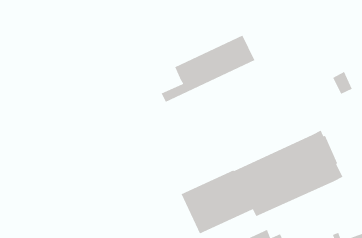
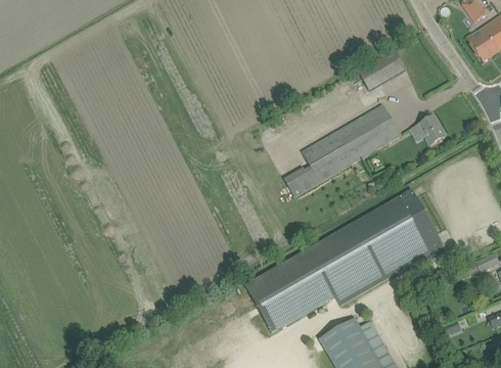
building: none -> [359,54,404,90]
building: [160,35,256,103] -> [287,103,401,195]

